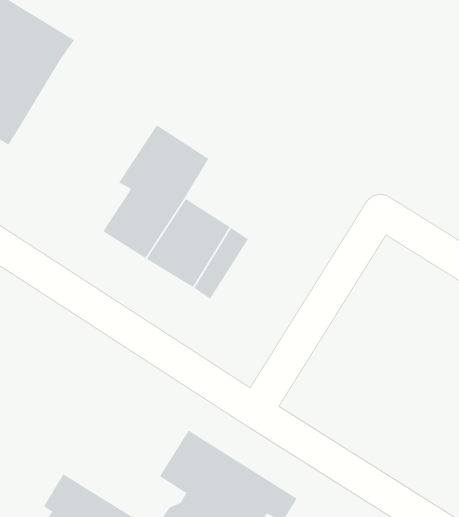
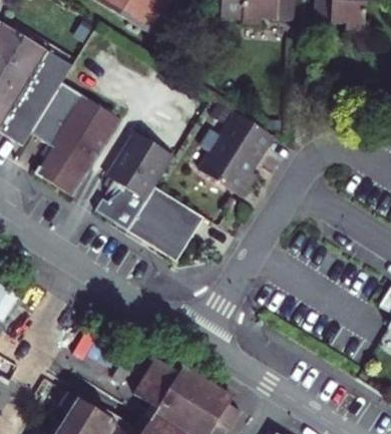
building: none -> [30,79,123,195]
building: none -> [201,110,278,194]

